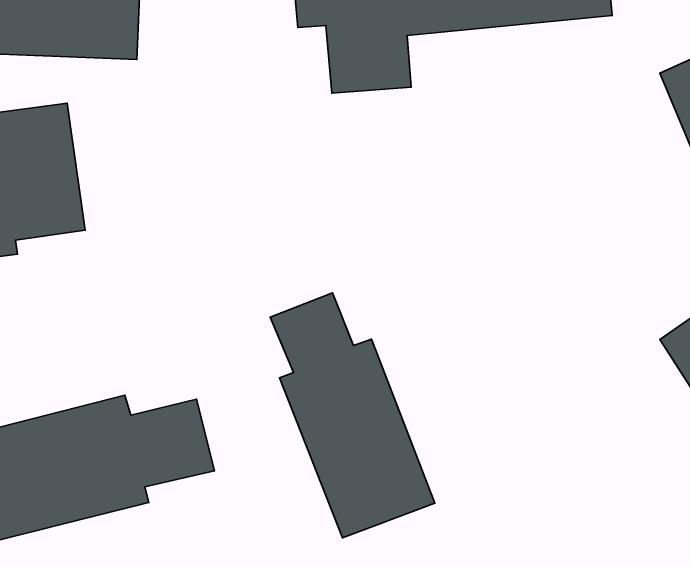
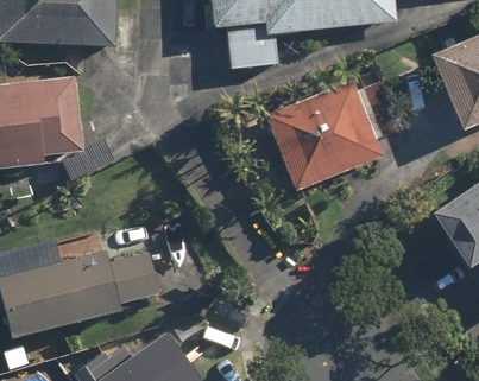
building: none -> [266,76,406,191]
building: [270,293,435,538] -> none

